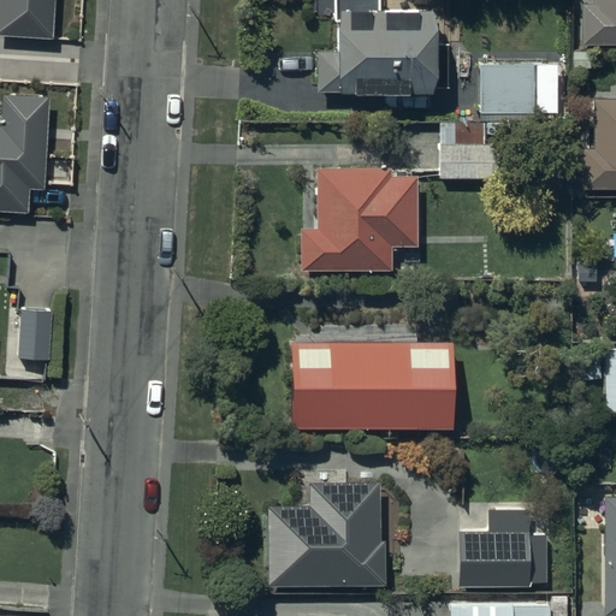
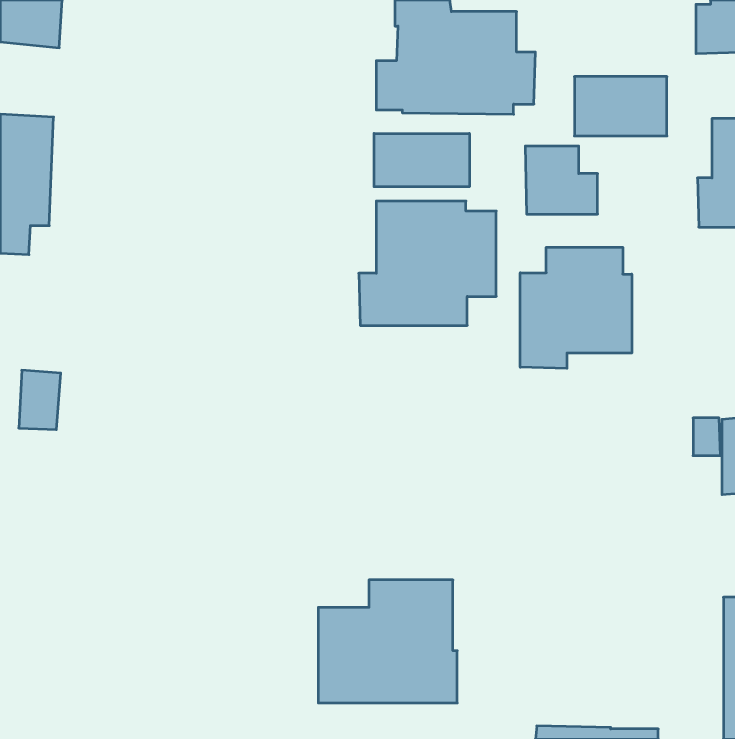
building: none -> [374,133,469,187]
building: none -> [520,247,632,368]
building: [291,326,450,426] -> none
building: [460,510,549,587] -> none

